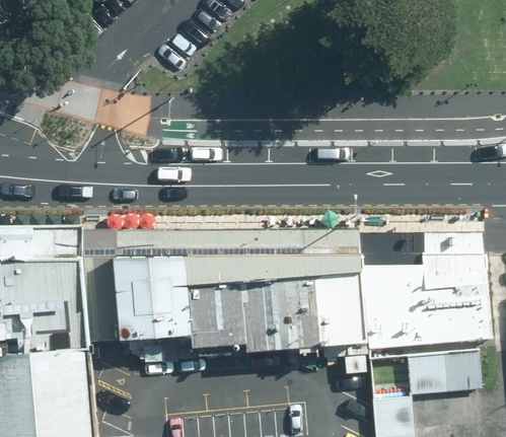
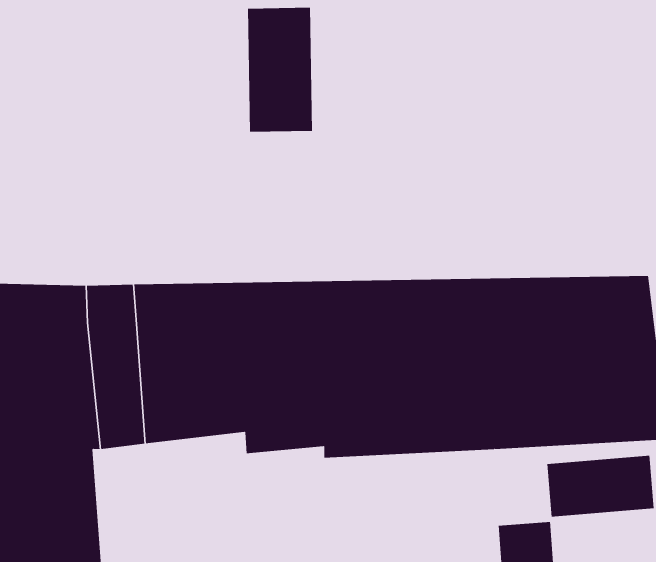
building: none -> [247,7,313,133]

